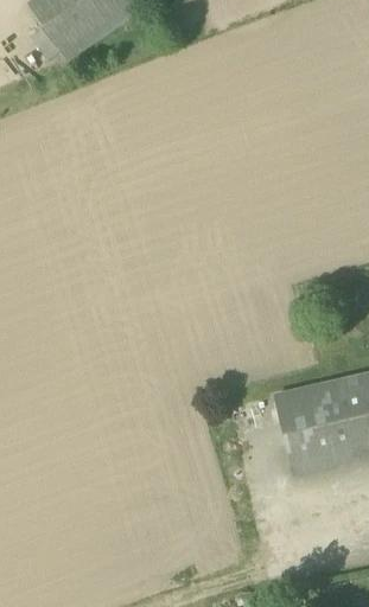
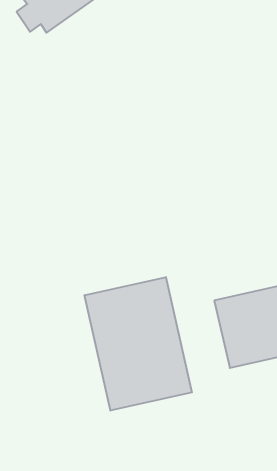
building: none -> [85,277,192,411]

